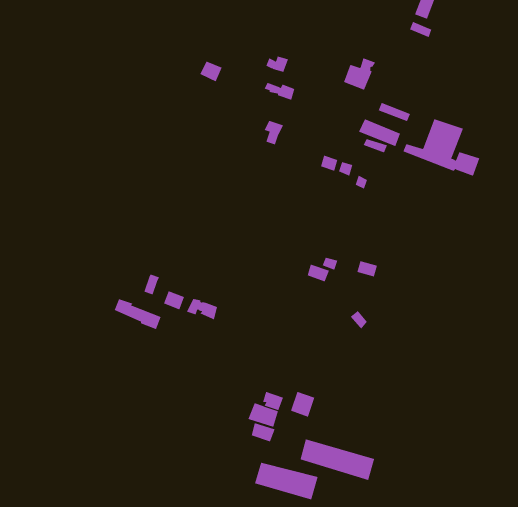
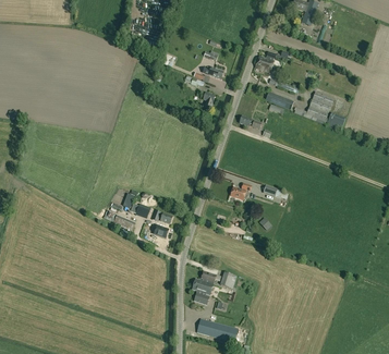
building: [300,439,375,481] -> none

